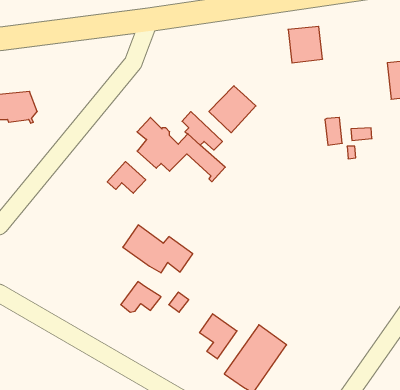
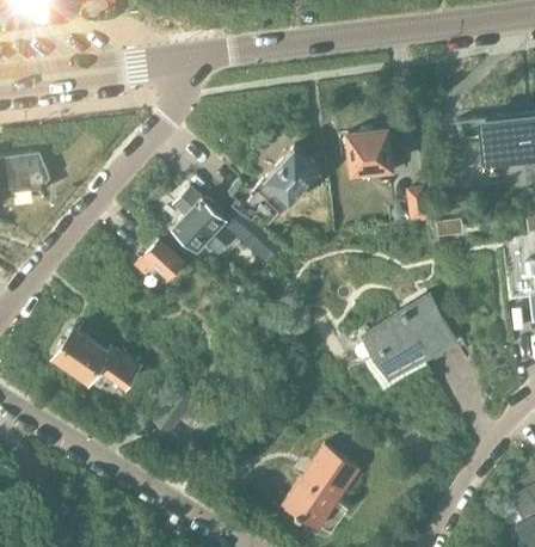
building: [288,26,323,63] -> [348,130,391,176]
building: none -> [353,295,455,389]
building: [123,225,193,273] -> [55,328,142,388]
building: [200,314,237,359] -> none

